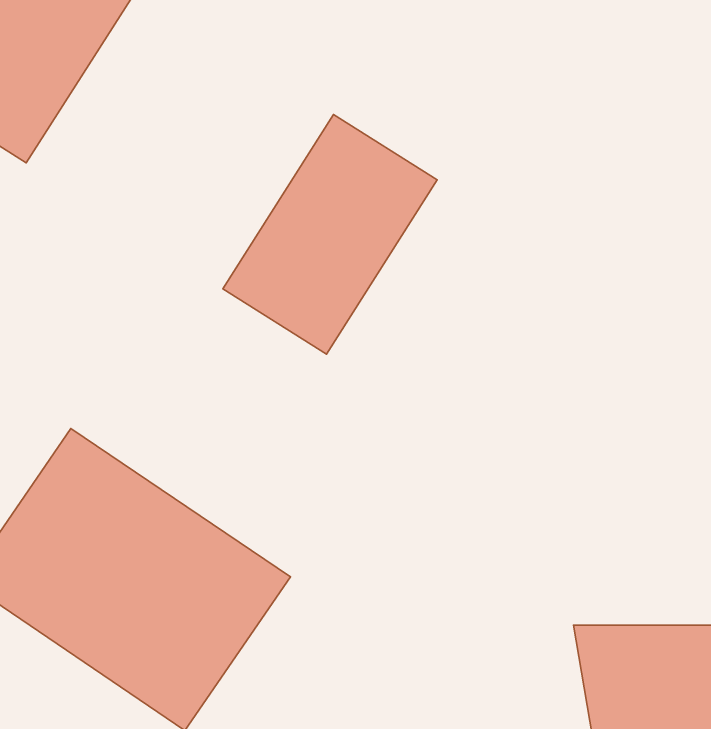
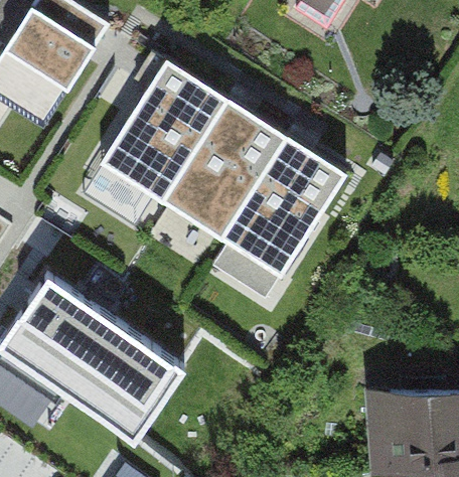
building: none -> [97,57,221,197]
building: none -> [217,134,342,274]

